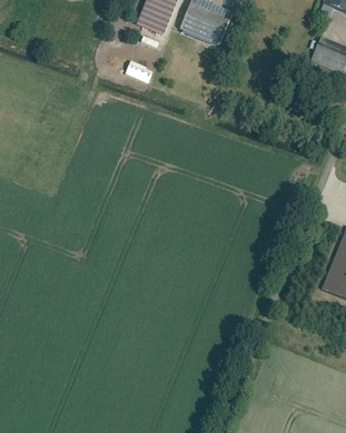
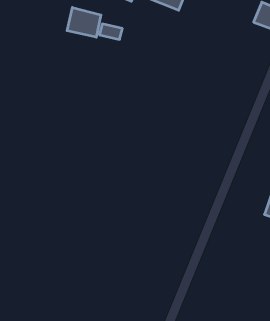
building: none -> [67,7,101,37]

